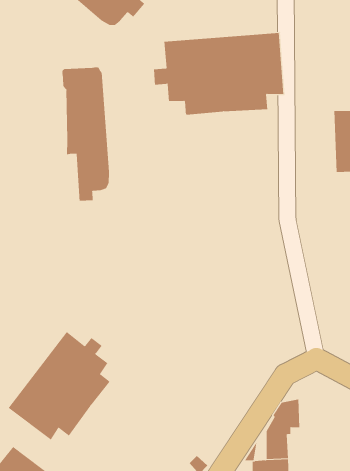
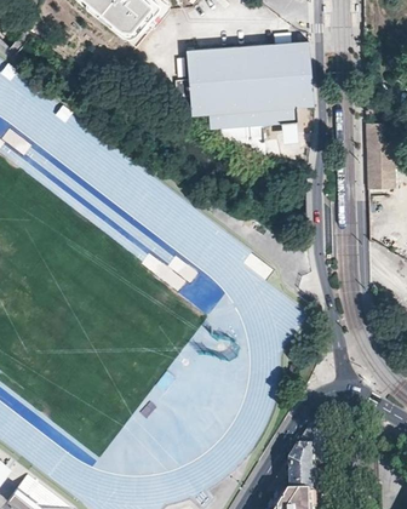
building: [62,66,110,201] -> none
building: [8,331,110,441] -> none

